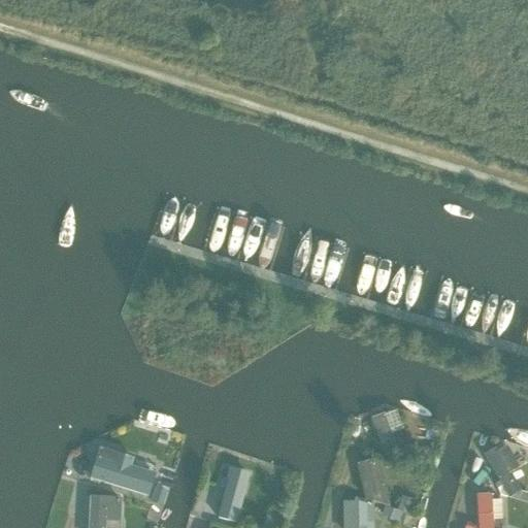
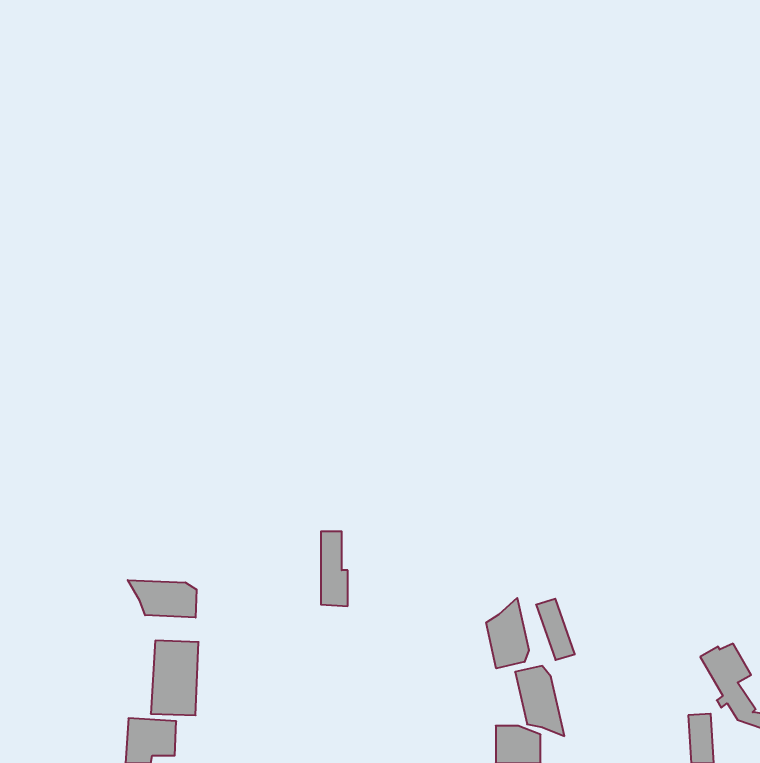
building: none -> [128,580,197,618]
building: none -> [486,598,529,668]
building: [220,469,238,521] -> [321,531,348,606]

